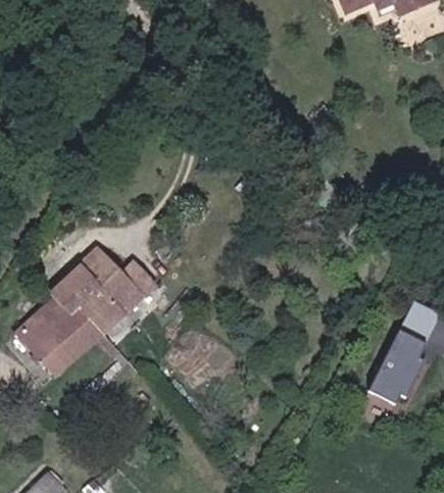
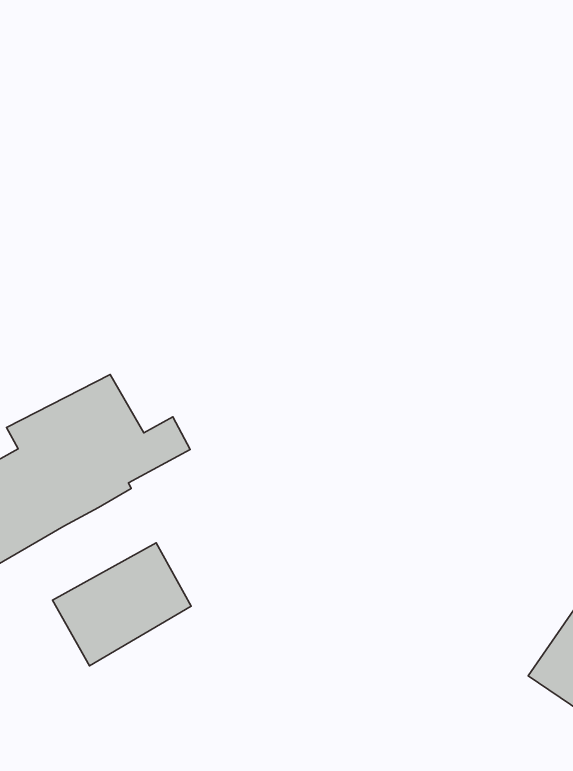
building: none -> [52,543,191,666]

